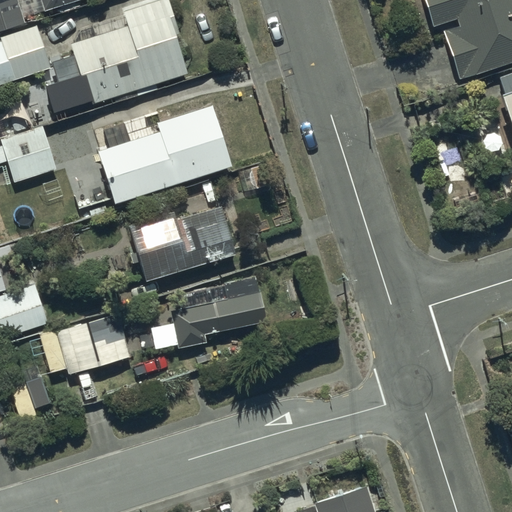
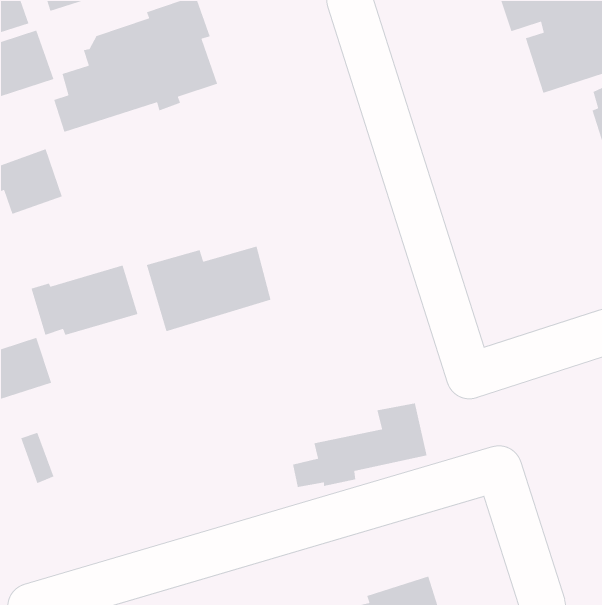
building: [97,105,229,203] -> none
building: [154,277,268,349] -> [292,403,427,488]
building: [42,315,133,375] -> [31,265,138,336]

